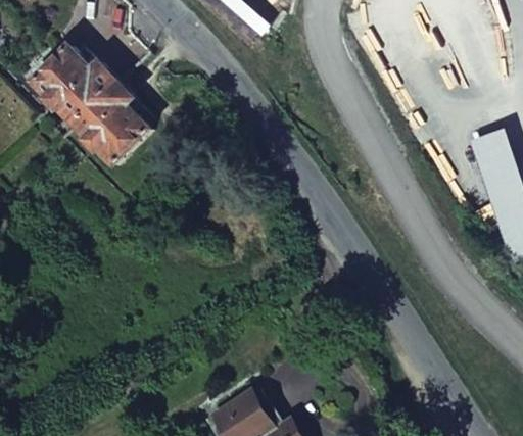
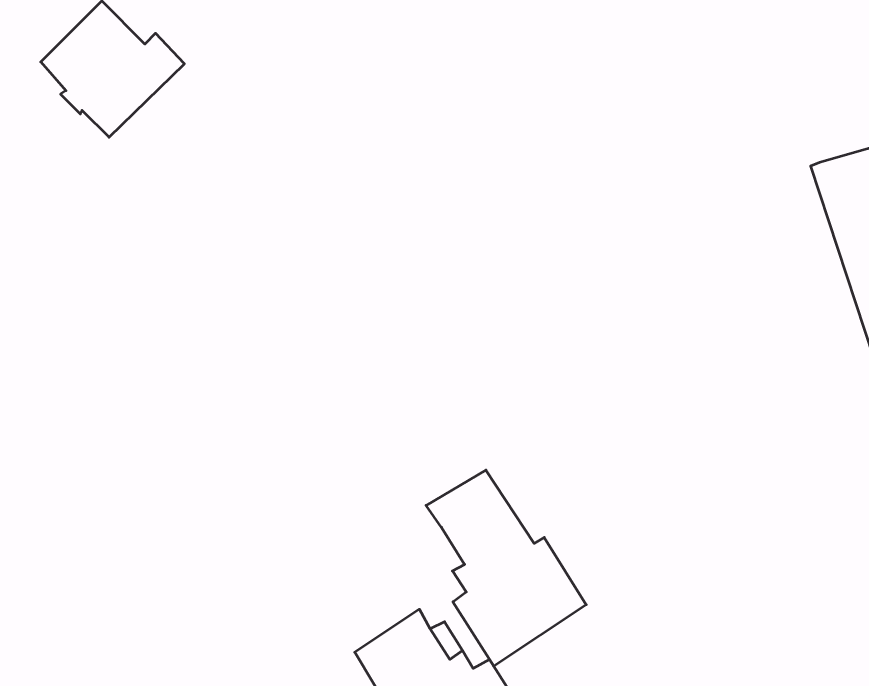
building: [73,80,150,163] -> none
building: none -> [426,470,586,666]

